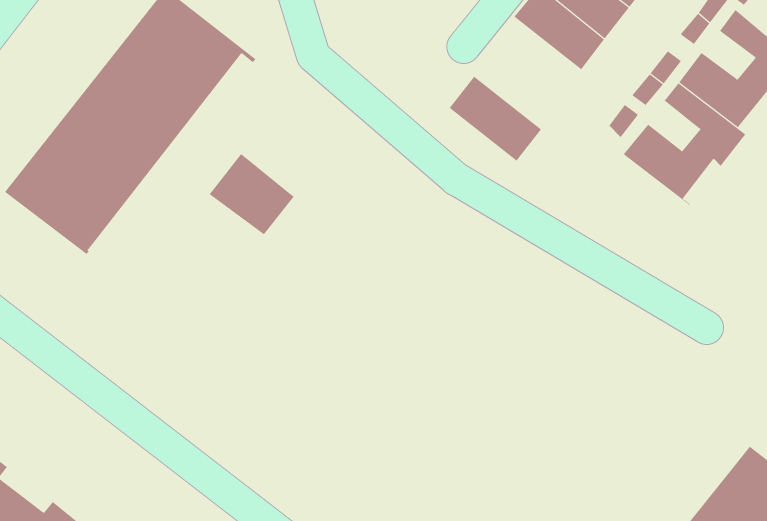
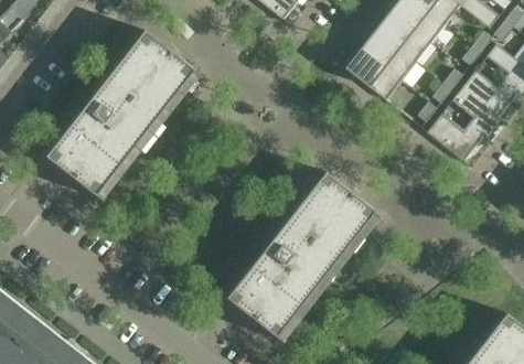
building: [449,76,542,162] -> [344,47,402,100]
building: [209,153,295,235] -> none
building: none -> [226,171,382,336]

